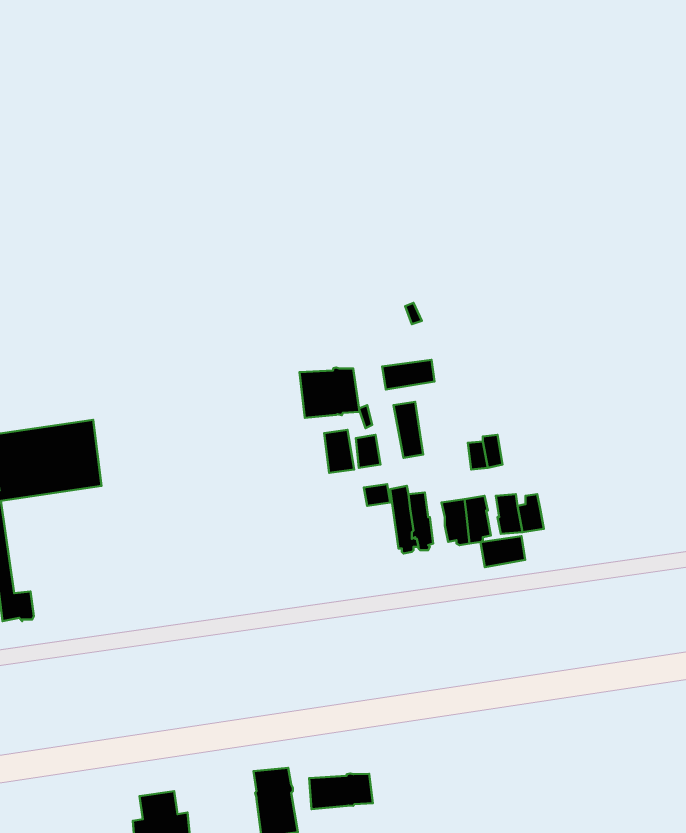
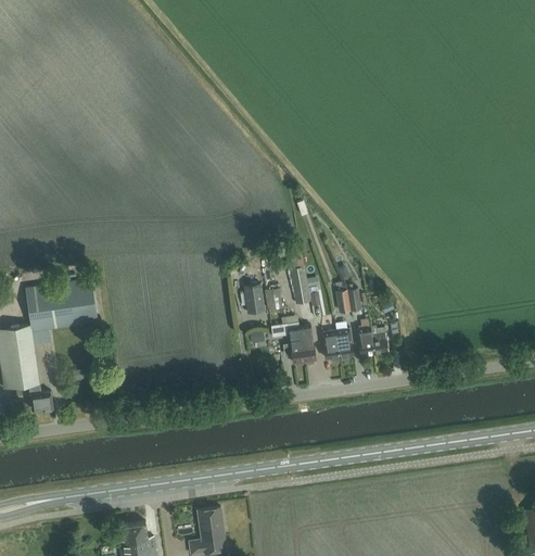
building: [382,360,435,390] -> none
building: [299,367,359,418] -> none
building: [480,536,525,567] -> none
building: [309,773,373,809] -> none

